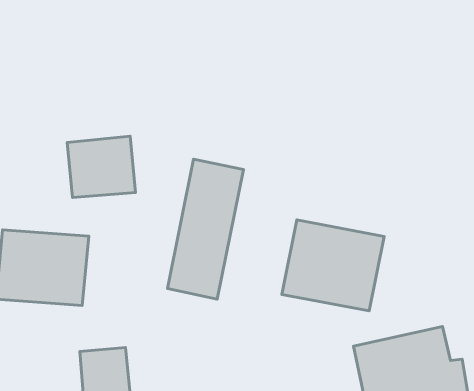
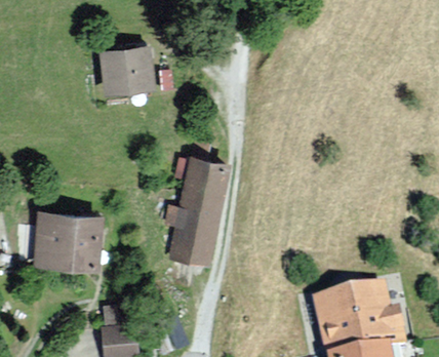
building: [67,136,135,198] -> [101,46,154,94]
building: [282,220,384,311] -> none

